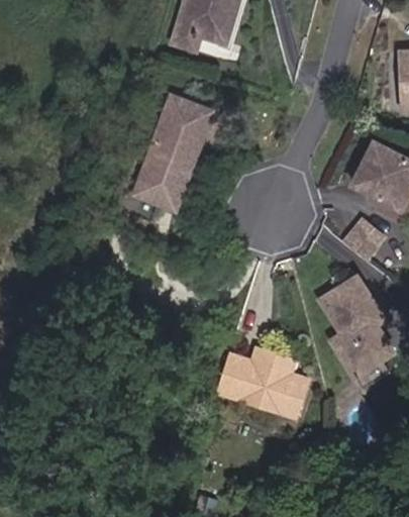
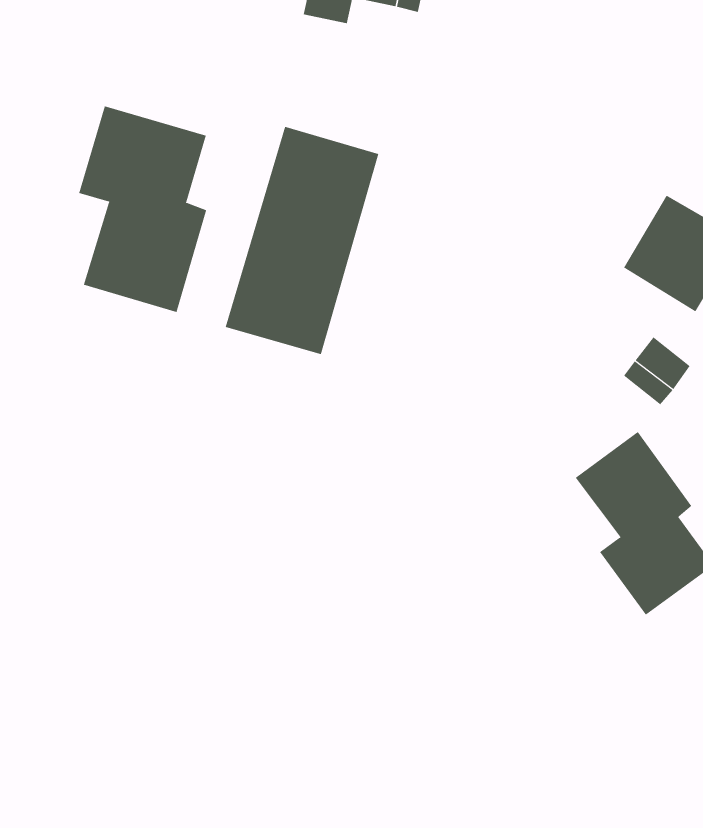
building: none -> [78,105,207,313]
building: [223,346,312,410] -> none

